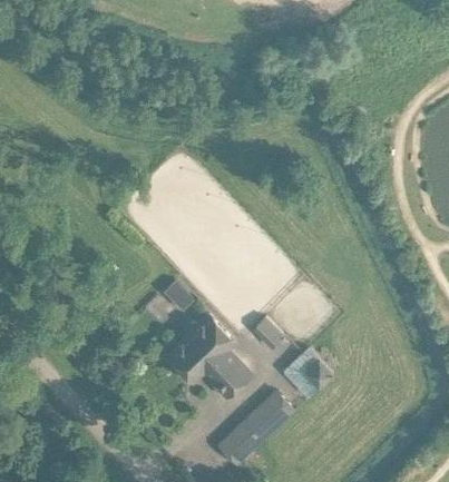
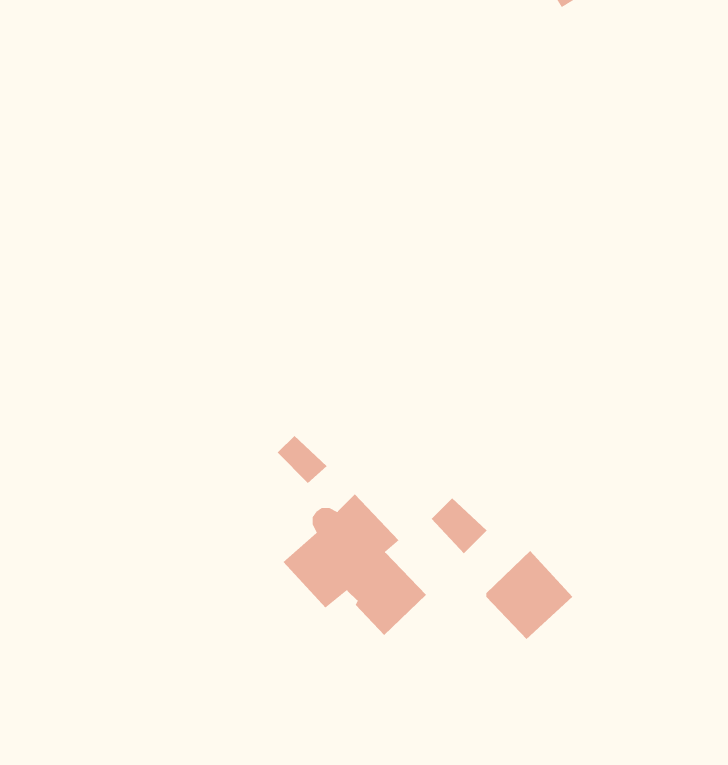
building: [218,391,294,464] -> none

